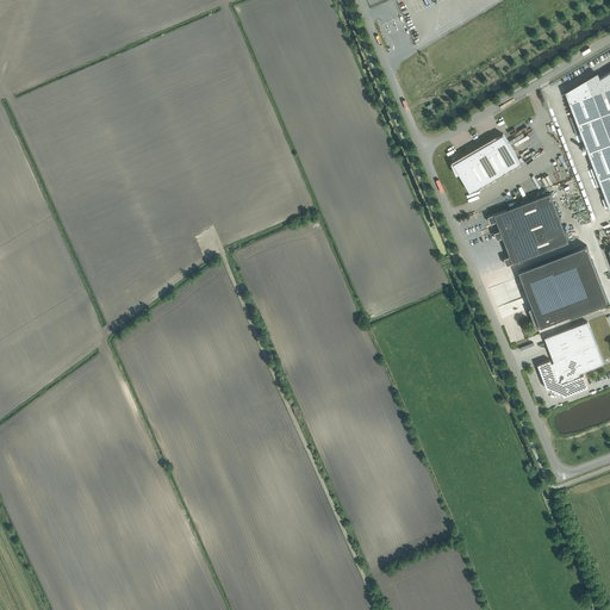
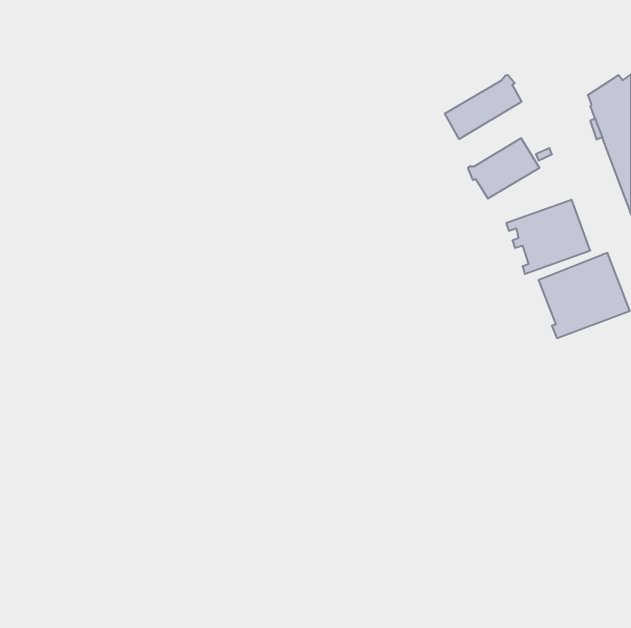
building: none -> [445,75,521,139]
building: [537,323,603,398] -> none

